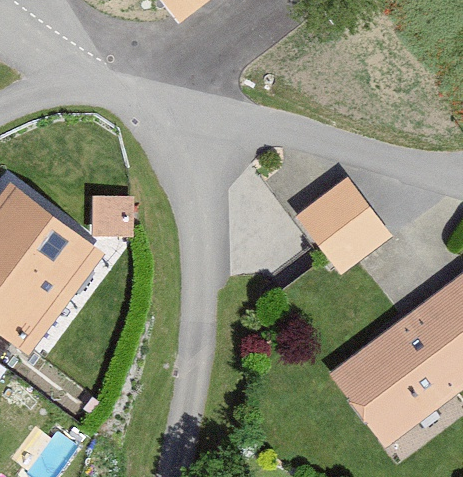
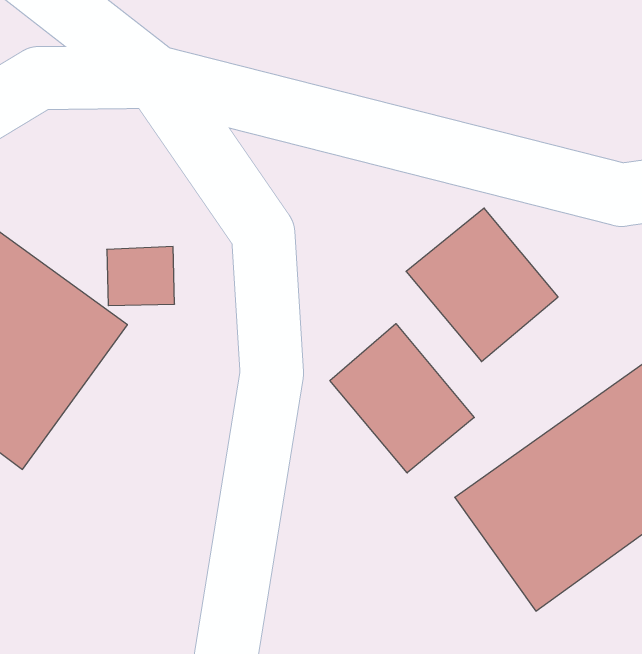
building: none -> [330,324,474,473]

